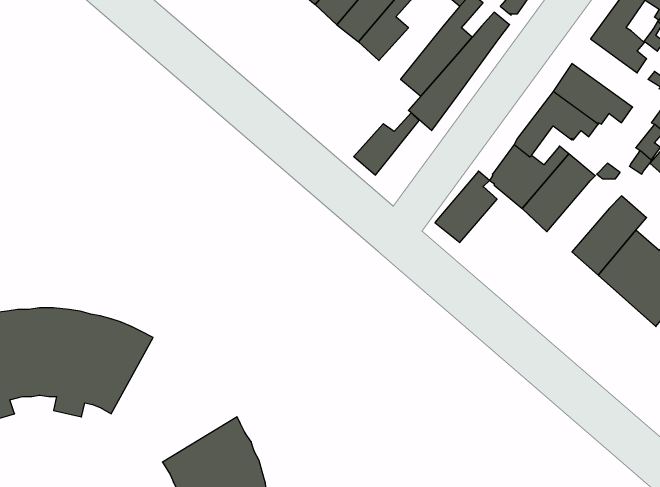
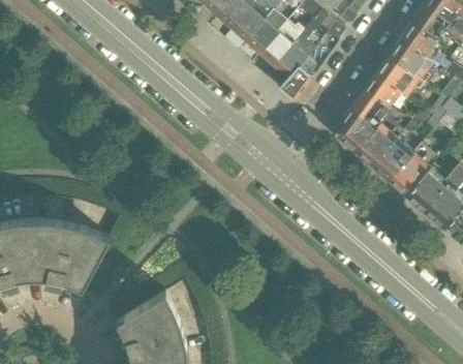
building: none -> [389,38,435,84]
building: [354,113,419,175] -> [260,24,304,65]
building: [435,171,497,243] -> [372,132,413,180]

